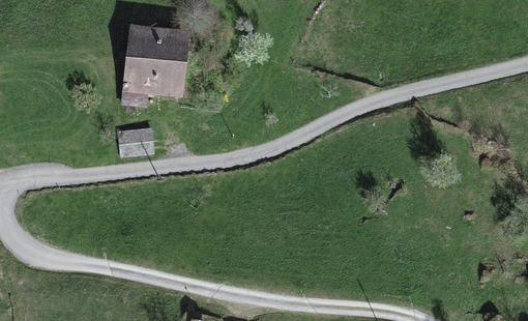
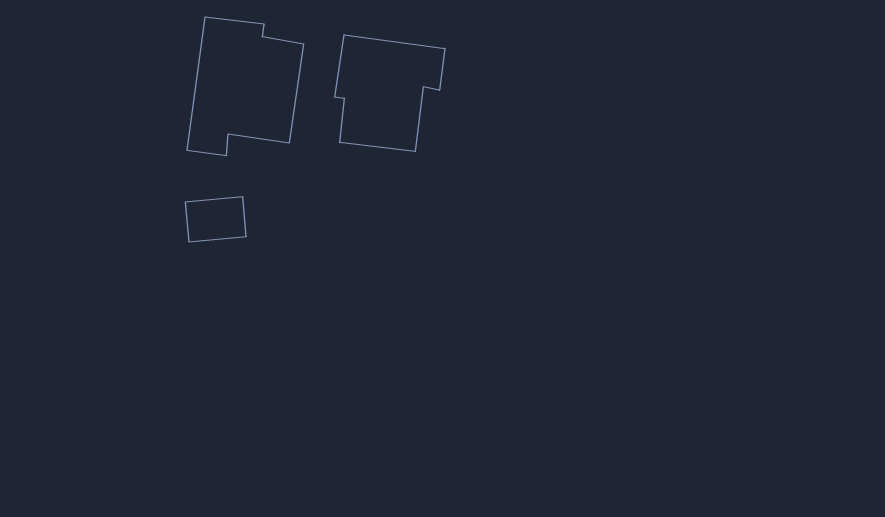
building: none -> [335,35,445,152]

